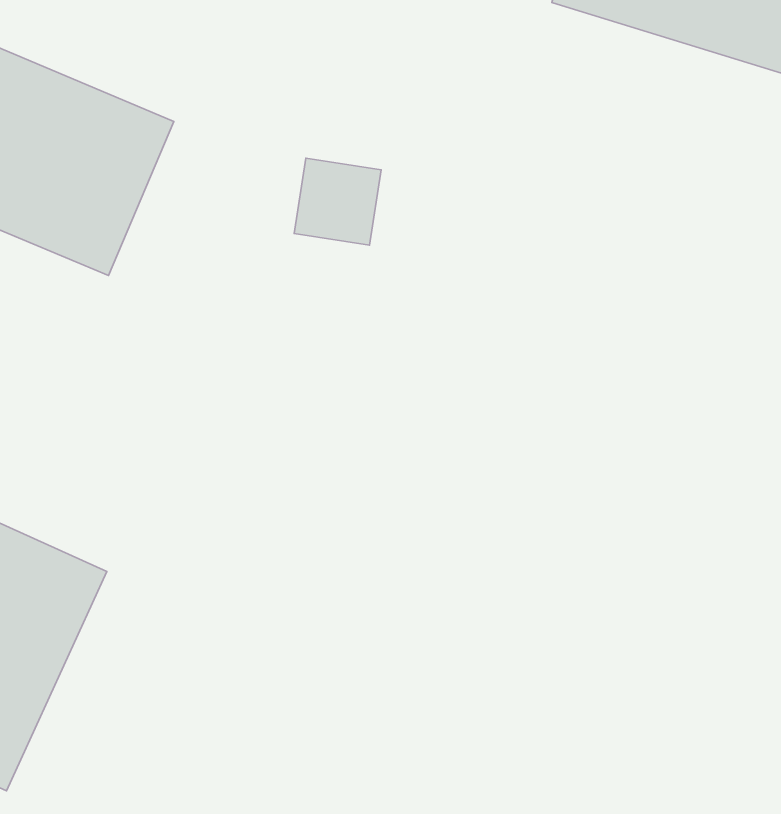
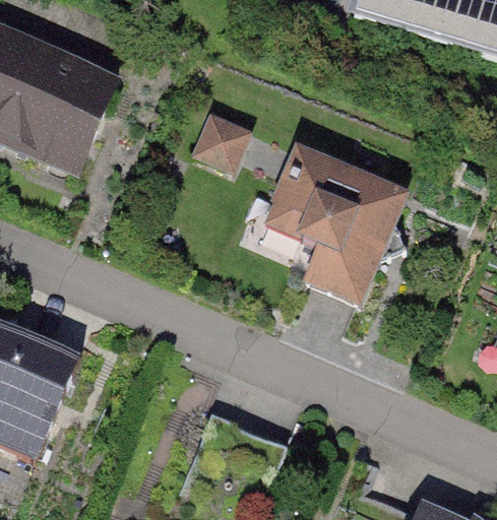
building: none -> [252,146,407,295]

